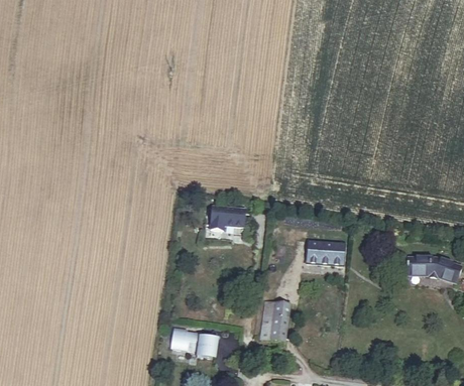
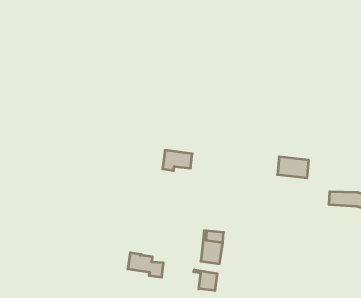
building: [305,238,342,263] -> [277,157,309,178]
building: none -> [194,270,217,291]

